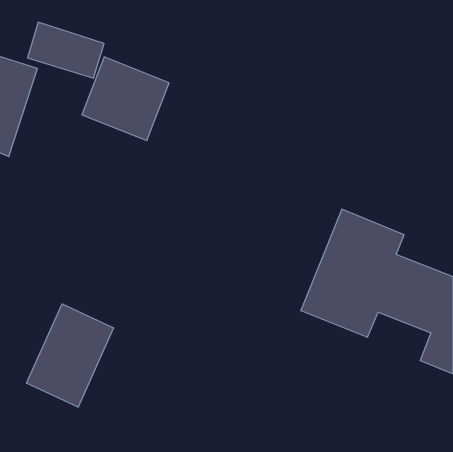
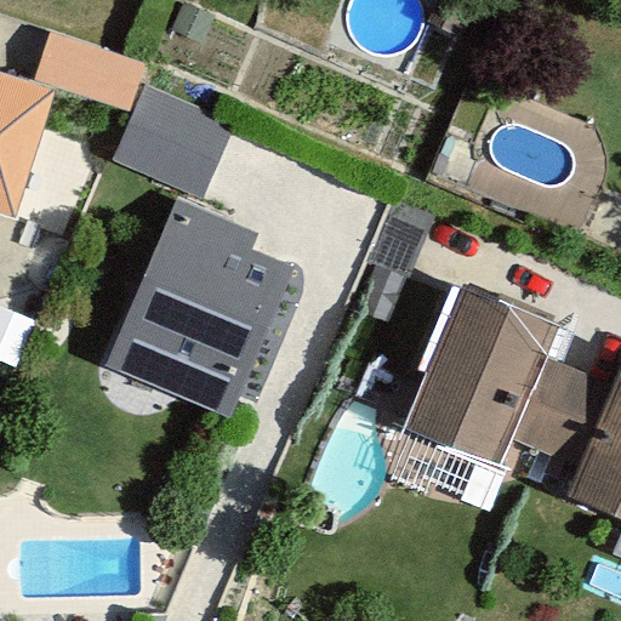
building: none -> [108,209,289,422]
building: [27,304,114,407] -> none

